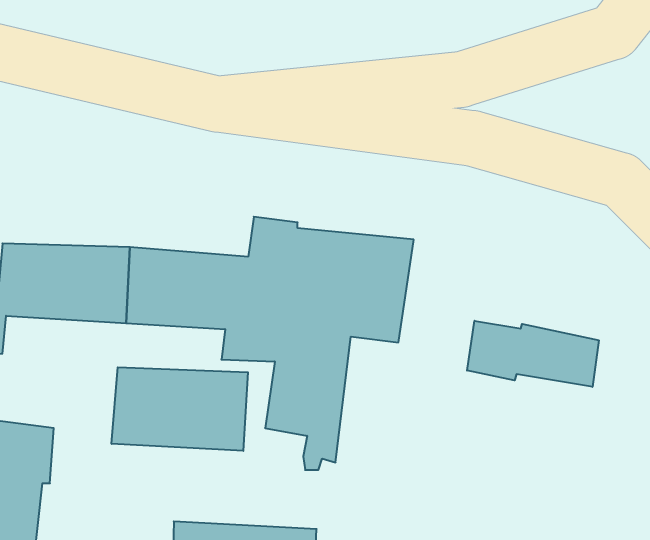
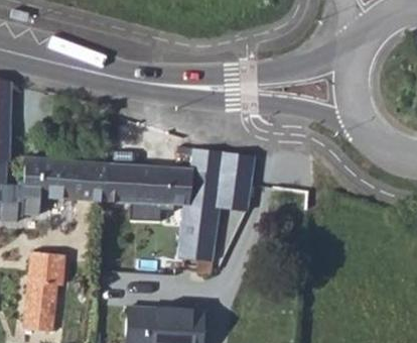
building: [467,321,599,387] -> none
building: [112,367,248,451] -> none

